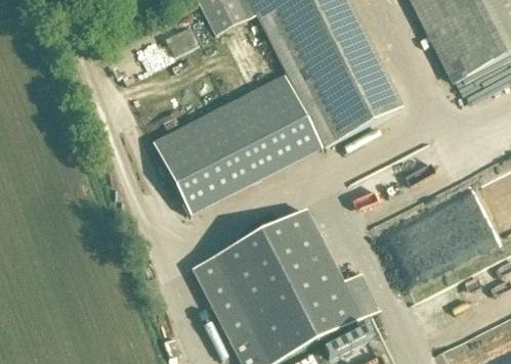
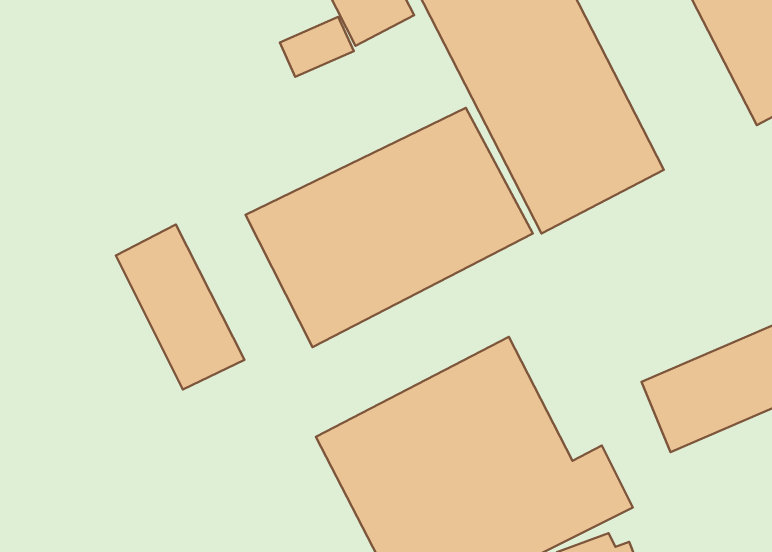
building: none -> [116,225,245,390]

